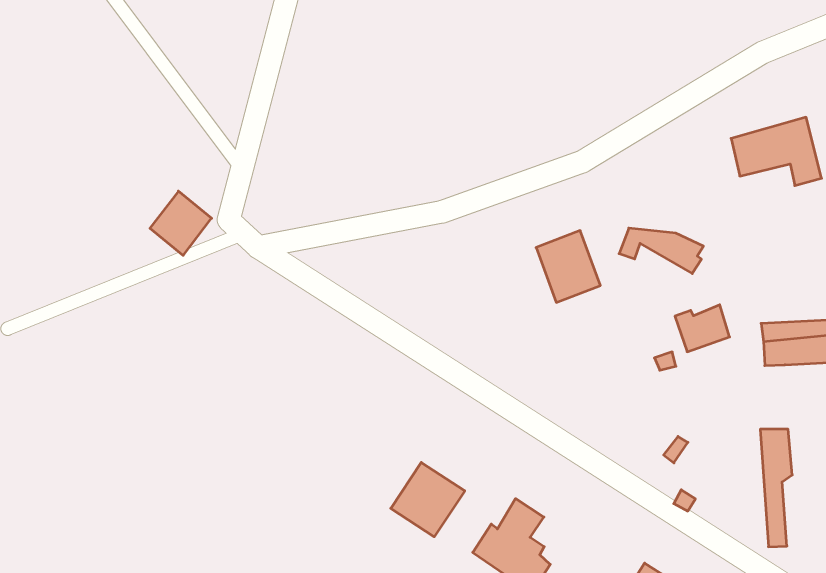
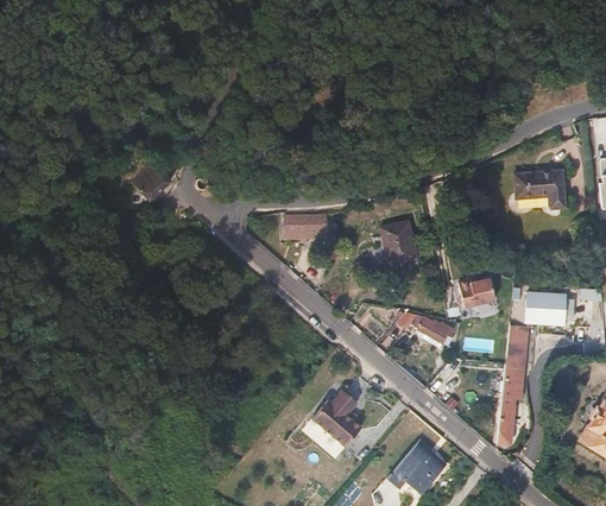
building: [619,228,703,274] -> [396,309,450,343]
building: none -> [284,214,326,236]
building: none -> [507,322,529,365]
building: [391,462,465,537] -> none

